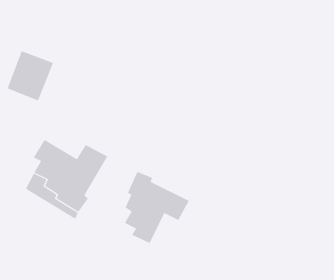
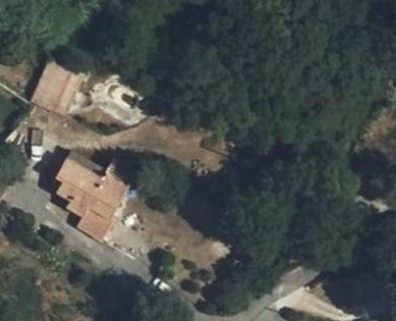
building: [124,171,190,244] -> none

